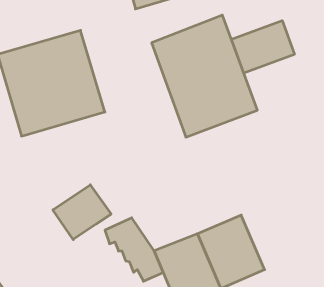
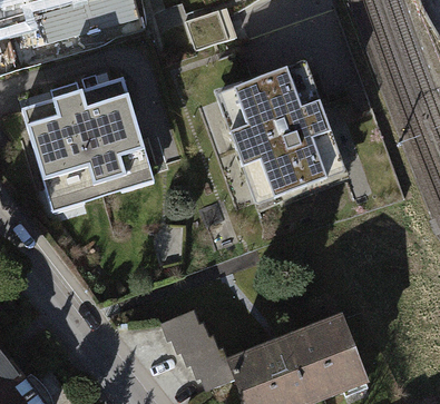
building: [231,21,294,73] -> none
building: [53,185,111,240] -> none

